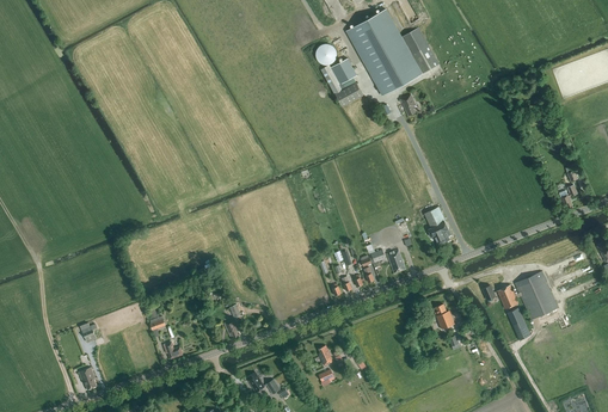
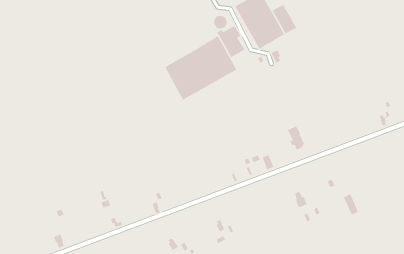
building: none -> [164,35,238,101]
building: [497,271,558,320] -> none

